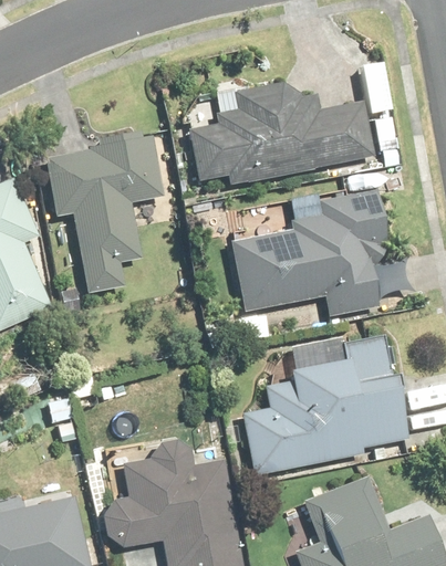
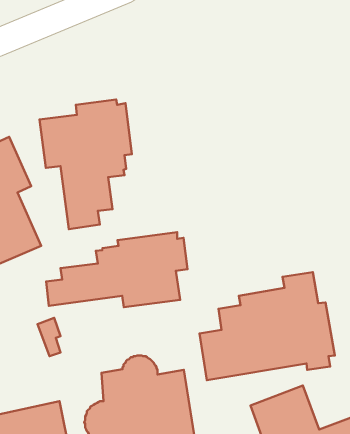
building: [188,81,373,187] -> none
building: [228,190,384,315] -> none
building: none -> [46,232,187,307]

